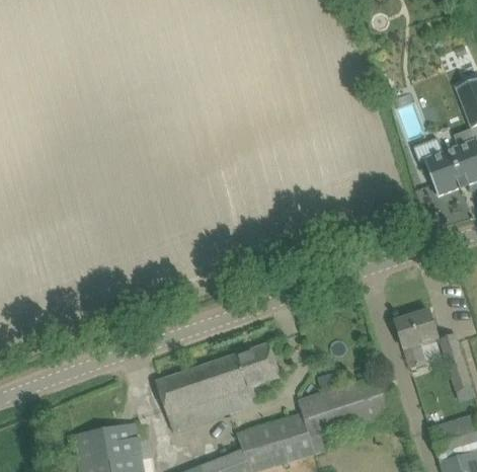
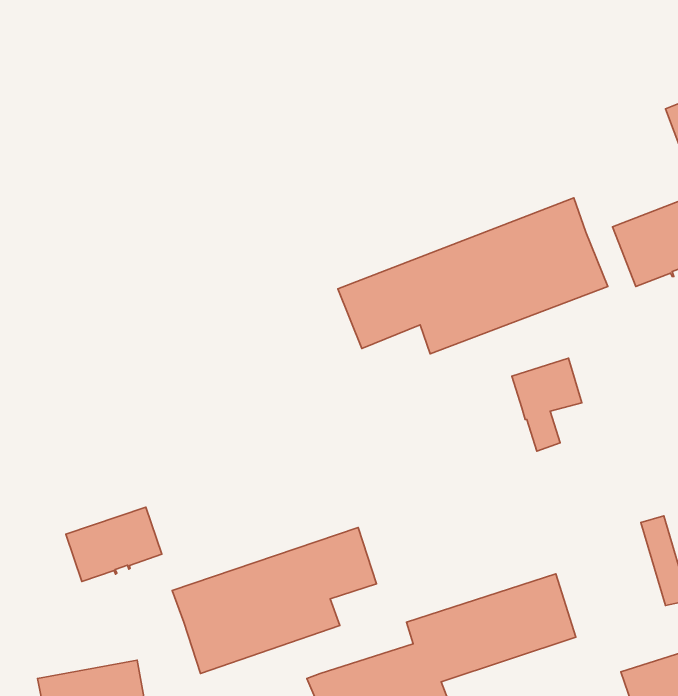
building: none -> [338,198,608,354]
building: [395,310,438,367] -> [512,358,582,451]
building: none -> [66,507,162,582]

